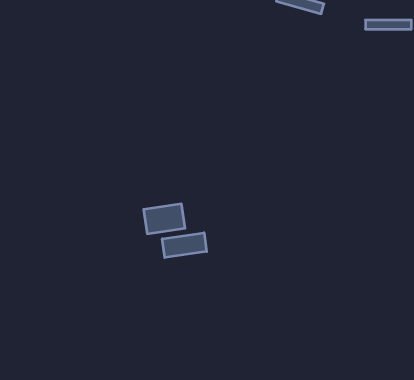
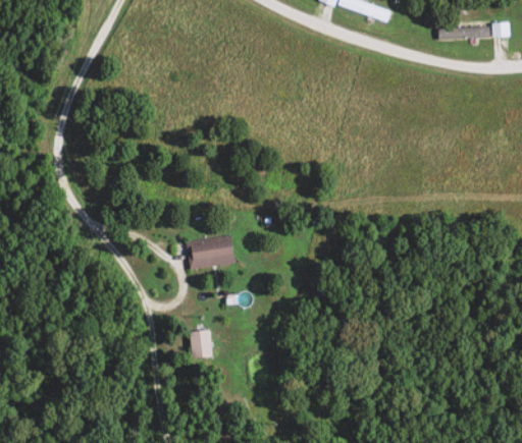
building: [162,233,207,258] -> none
building: none -> [190,330,211,356]

